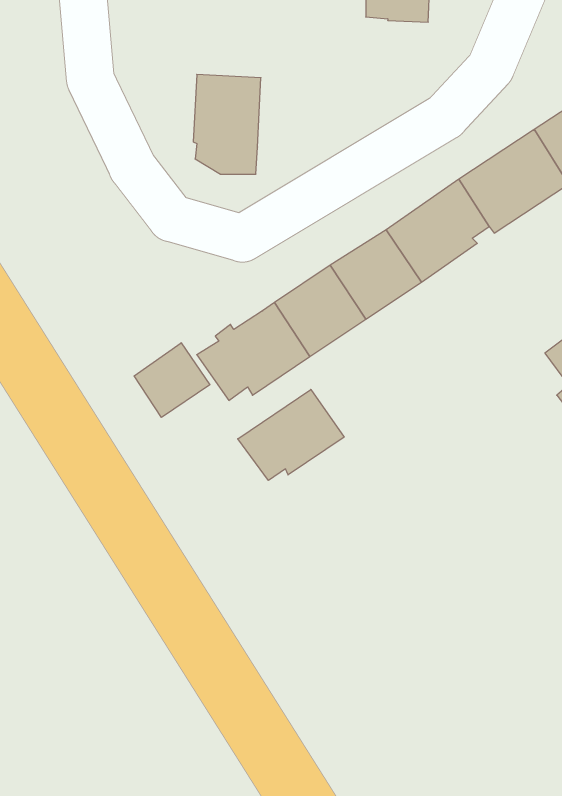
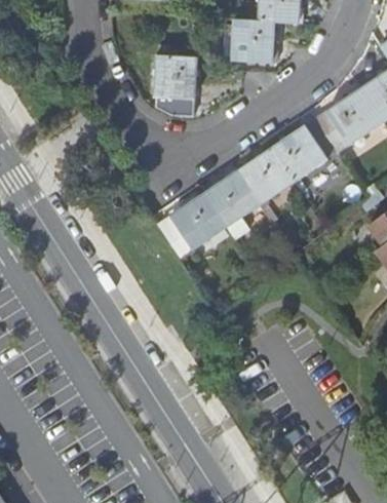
building: none -> [231,20,272,64]
building: [134,343,210,417] -> none
building: [238,389,344,480] -> none

